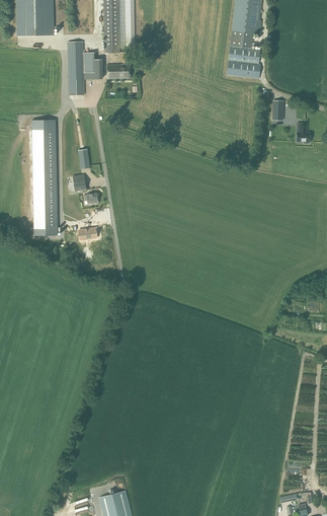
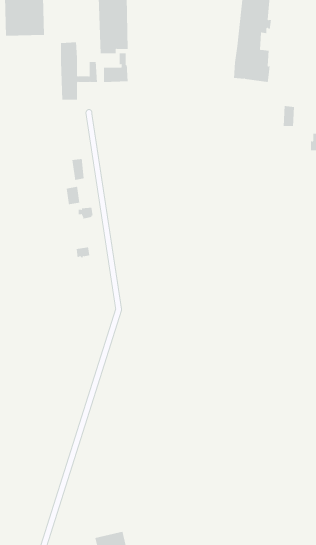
building: [32,119,58,234] -> none

